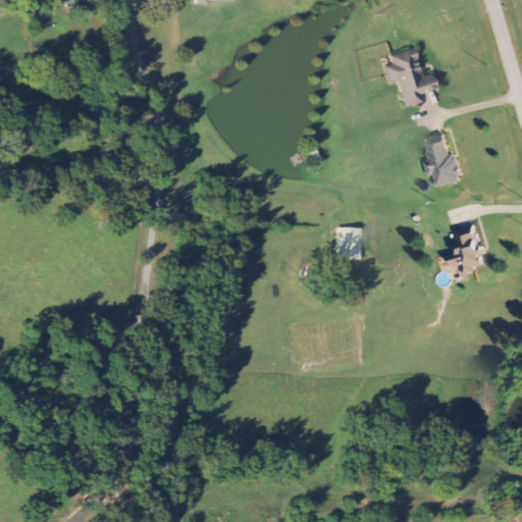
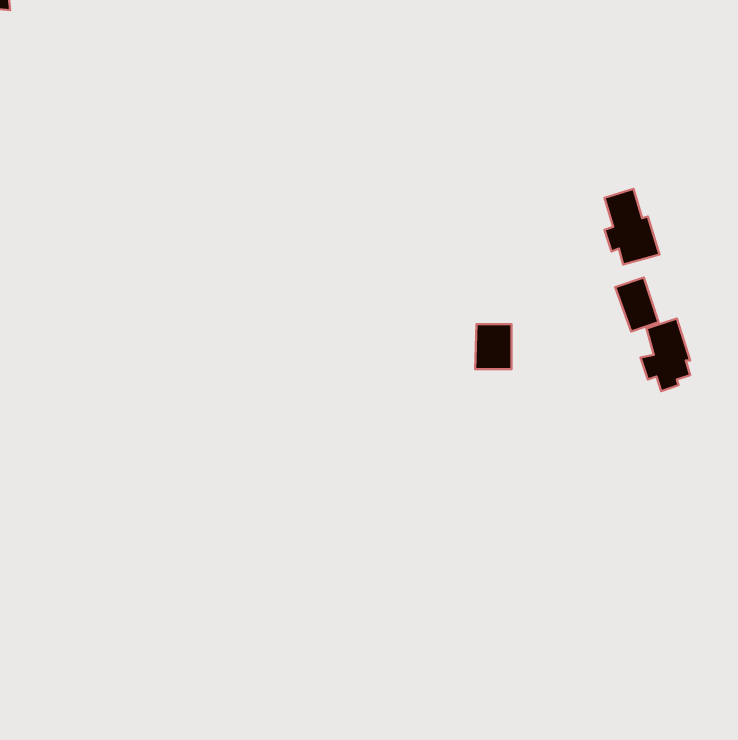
building: [383,48,435,106] -> none
building: none -> [615,278,659,331]

